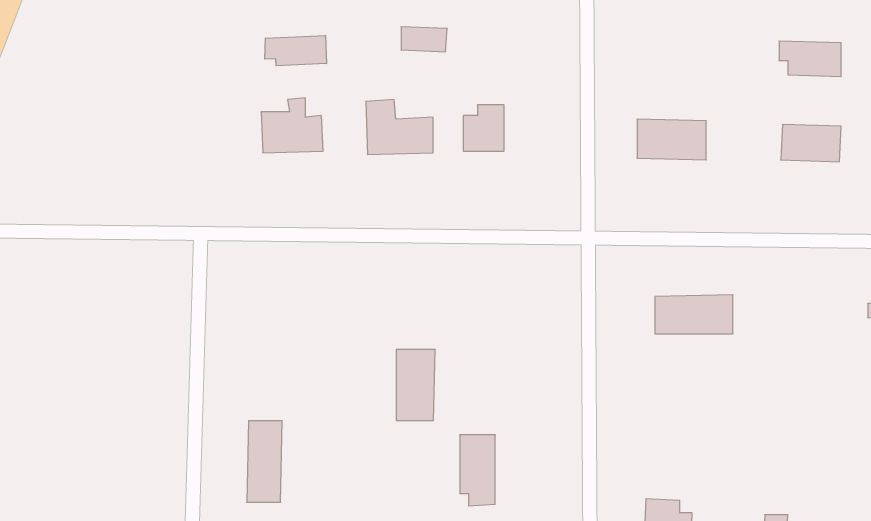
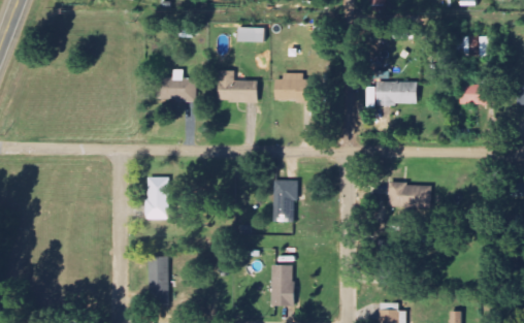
building: [265,35,327,66] -> none
building: none -> [146,176,168,219]
building: [396,350,435,420] -> [273,181,296,222]

